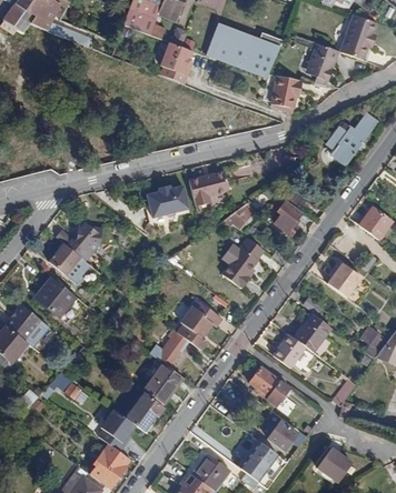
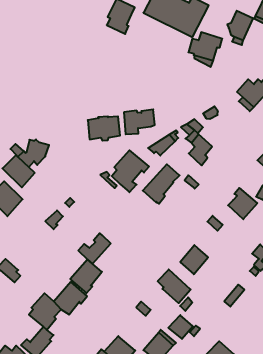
building: [177,298,221,349] -> [112,150,149,192]
building: [295,312,334,355] -> none

